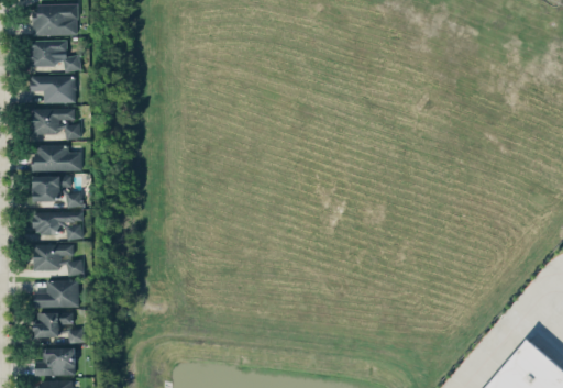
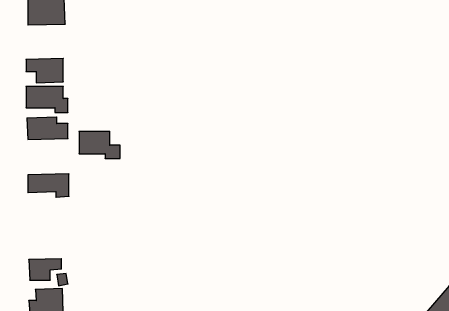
building: [30,41,79,71] -> none
building: [33,176,81,208] -> [79,131,120,158]
building: [33,244,81,275] -> none
building: [34,280,78,308] -> none

